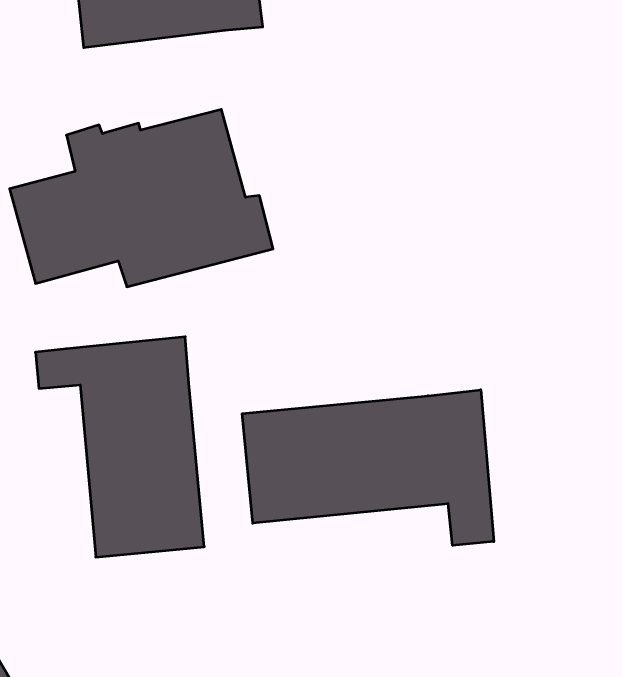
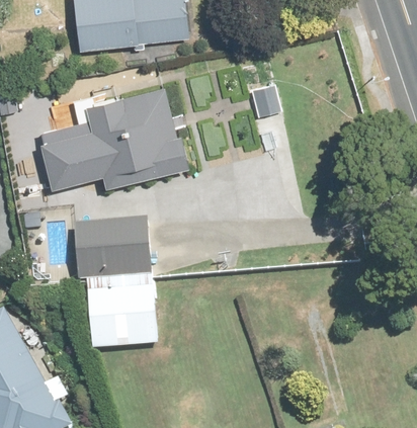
building: [242,390,494,545] -> none

